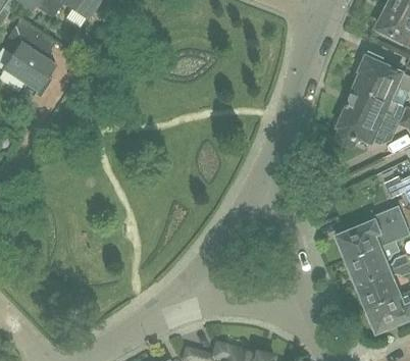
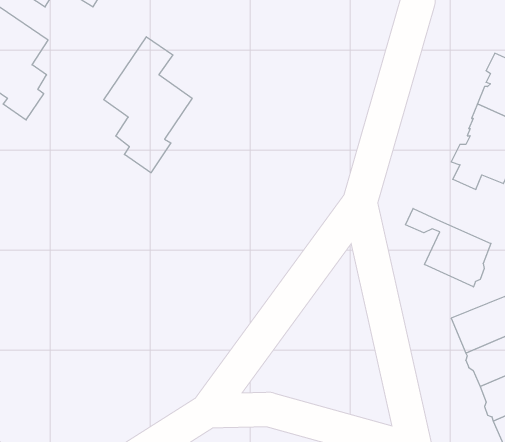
building: none -> [104,37,192,173]
building: none -> [406,208,491,287]

